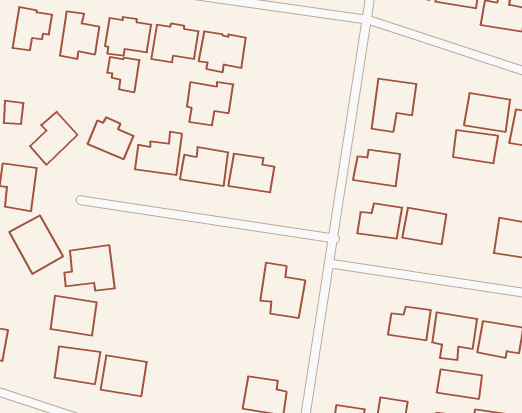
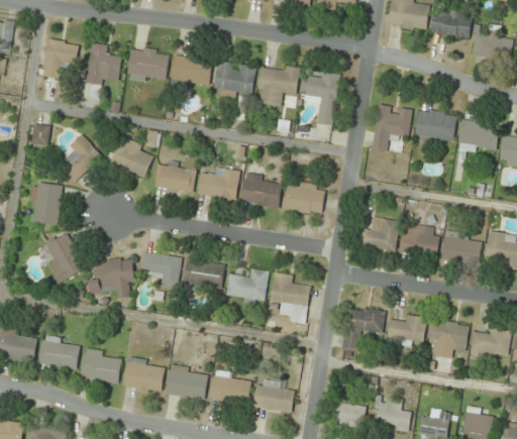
building: none -> [303,72,339,125]
building: [108,57,139,92] -> none
building: [187,82,233,125] -> [256,67,299,106]
building: [453,130,498,163] -> [414,111,455,141]
building: [353,150,400,186] -> [282,182,325,215]
building: none -> [440,231,482,262]
building: none -> [139,251,182,288]
building: none -> [182,258,224,291]
building: none -> [225,268,269,307]
building: [50,296,97,335] -> [37,334,80,370]
building: none -> [340,305,385,352]
building: none -> [166,365,208,399]
building: [437,369,482,399] -> none
building: none -> [210,370,250,404]

